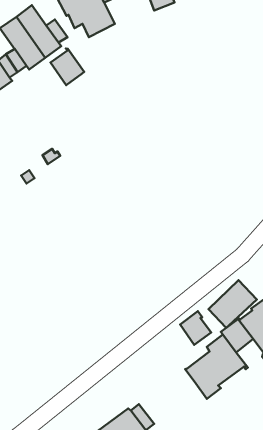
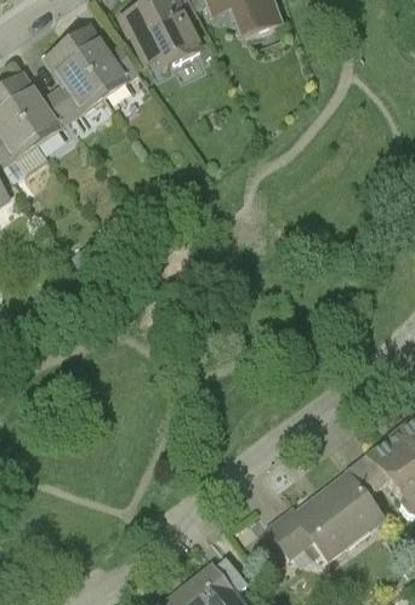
building: [51,49,84,85] -> none
building: [209,280,257,328] -> none
building: [180,311,211,345] -> [267,510,309,557]

